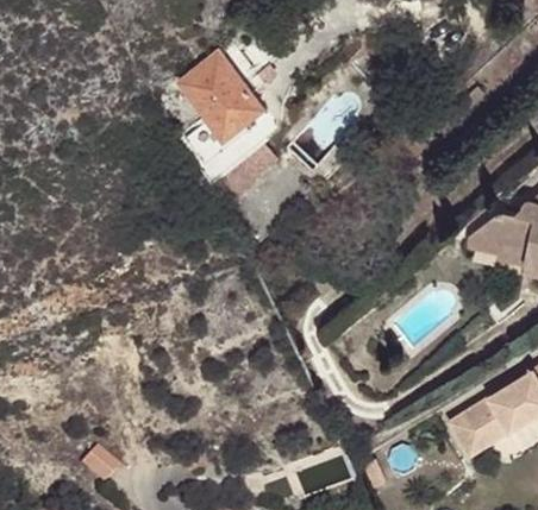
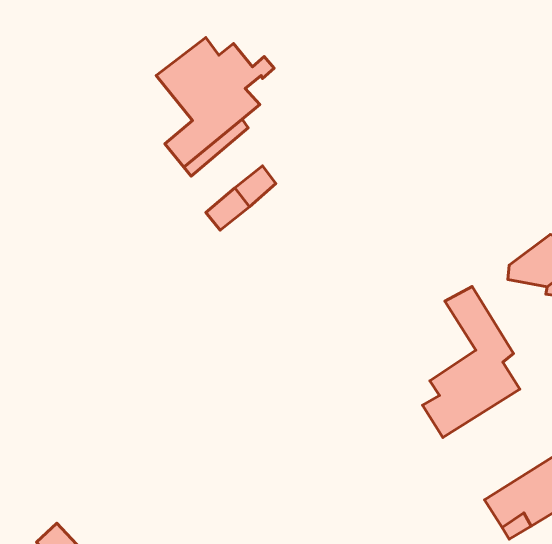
building: none -> [422,287,520,438]

